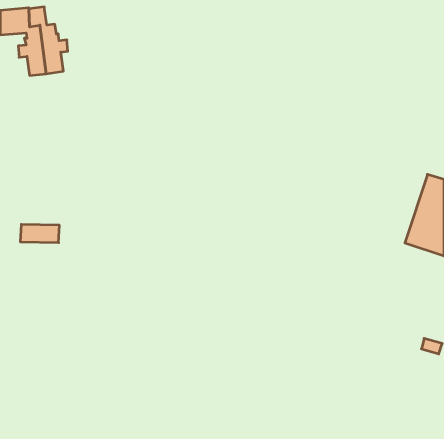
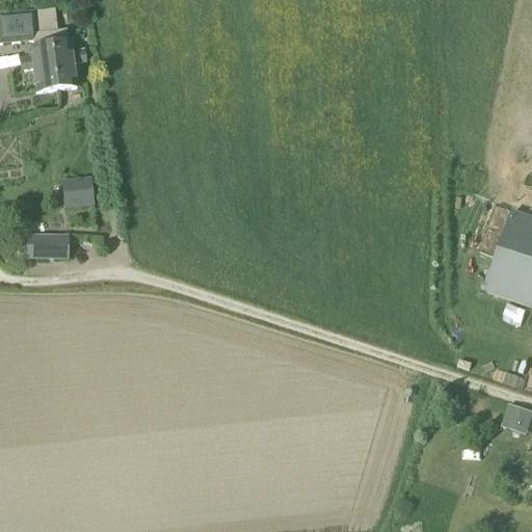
building: none -> [64,179,90,205]
building: [20,224,59,243] -> [20,235,66,257]

